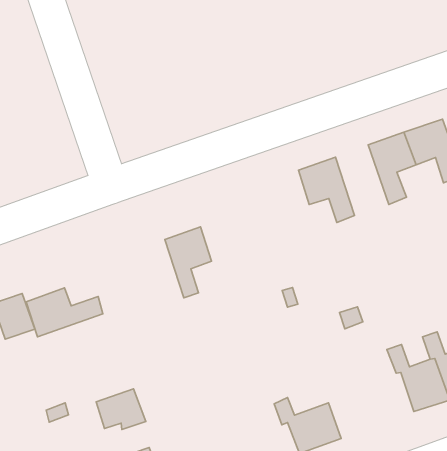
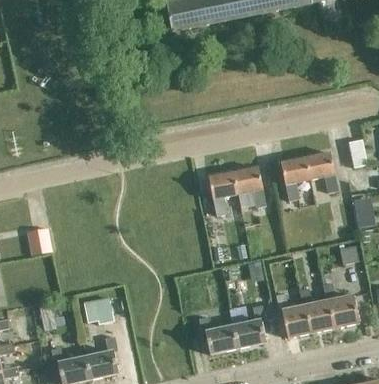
building: [165,227,211,298] -> [208,172,236,216]
building: [26,288,103,337] -> none
building: none -> [232,305,266,348]

